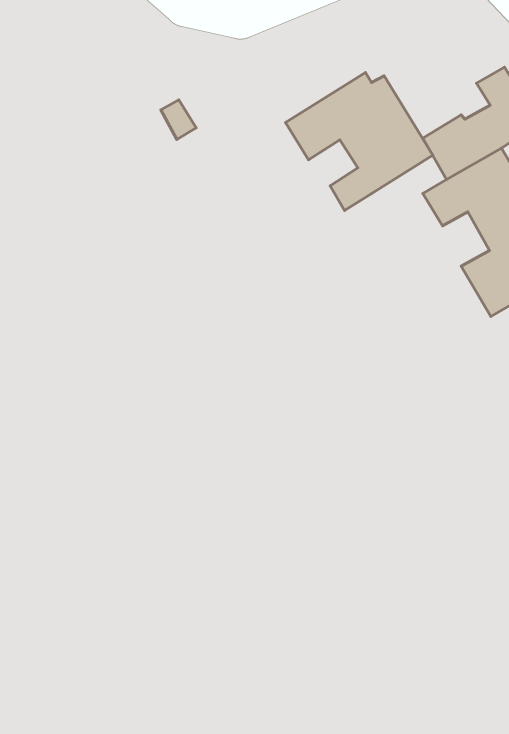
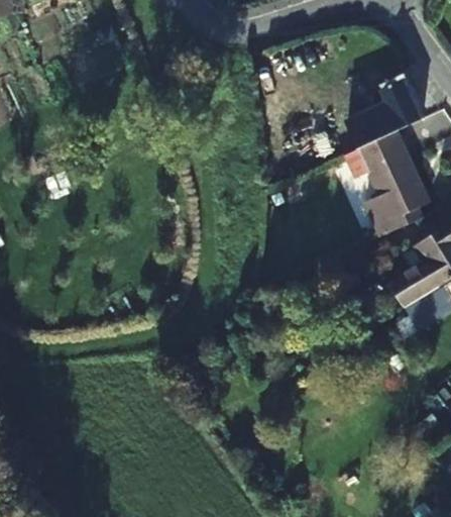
building: [285,73,433,210] -> none

